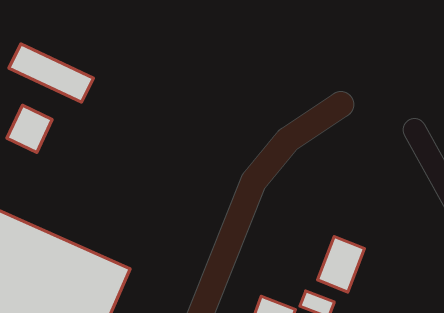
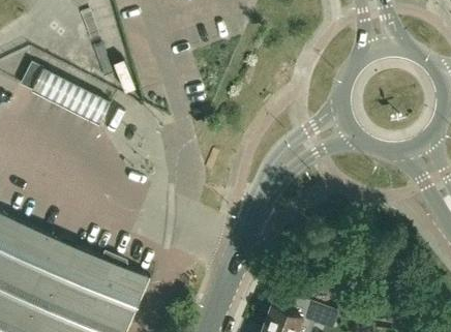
building: [7,105,52,152] -> none
building: [317,236,365,292] -> none

